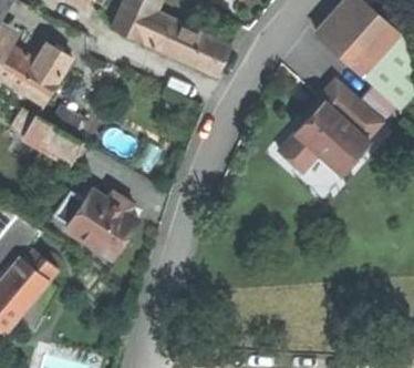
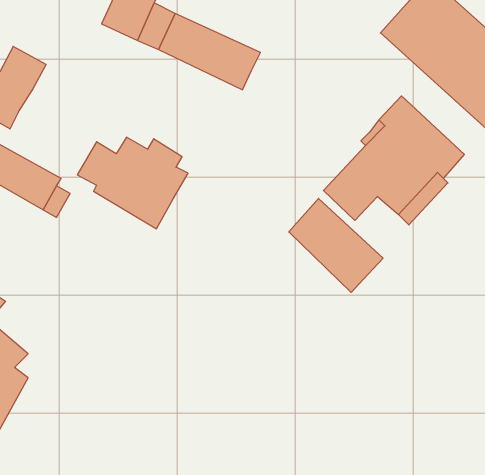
building: none -> [289,198,383,292]
building: [52,192,134,259] -> [77,137,188,229]

